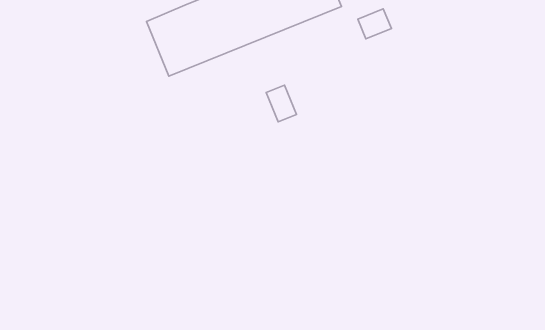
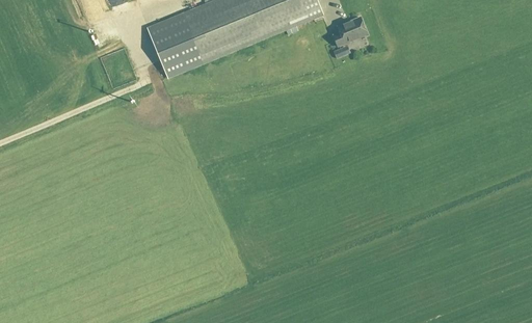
building: [266,85,296,122] -> none

